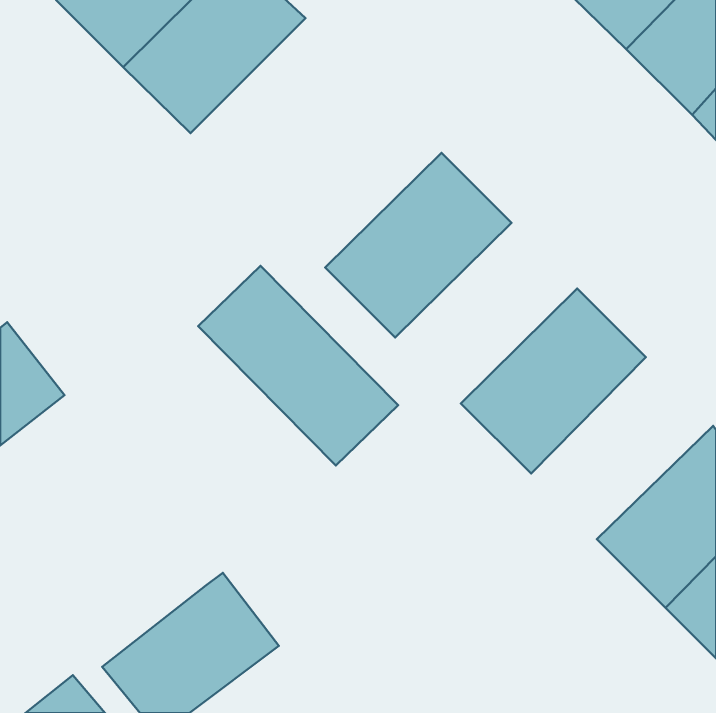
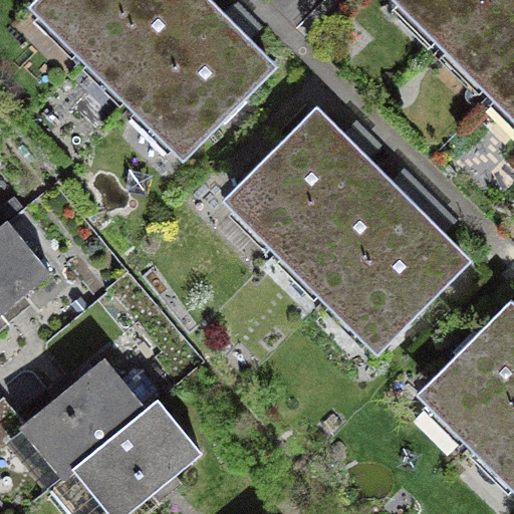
building: none -> [137,13,269,146]
building: none -> [283,160,414,289]
building: [198,266,398,466] -> none
building: none -> [20,368,148,489]

